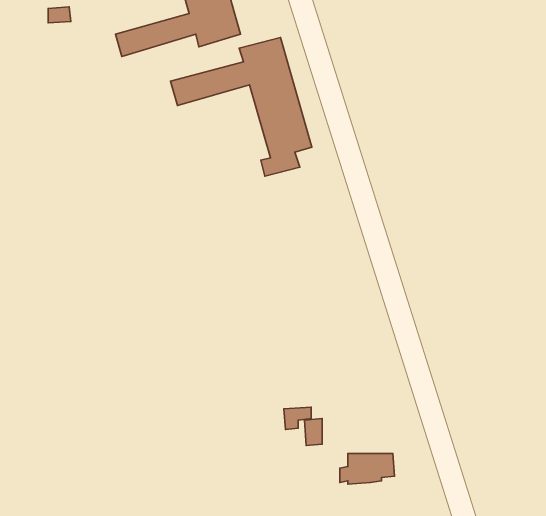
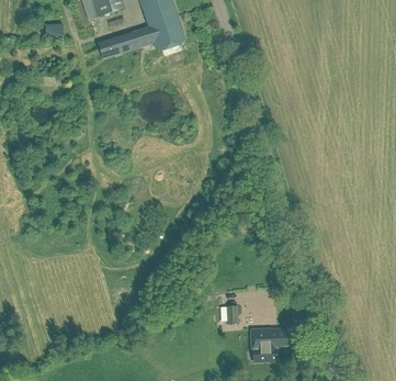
building: [171,37,312,176] -> none

